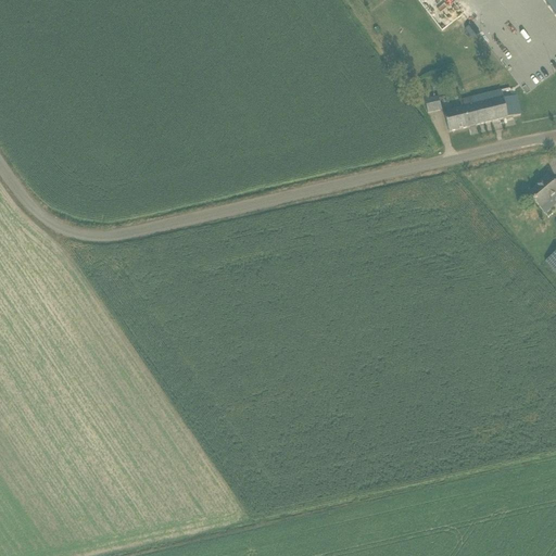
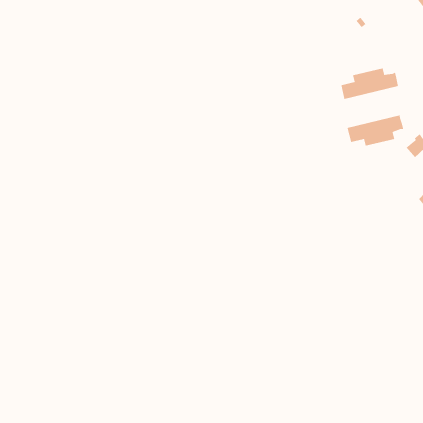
building: none -> [346,114,404,147]

